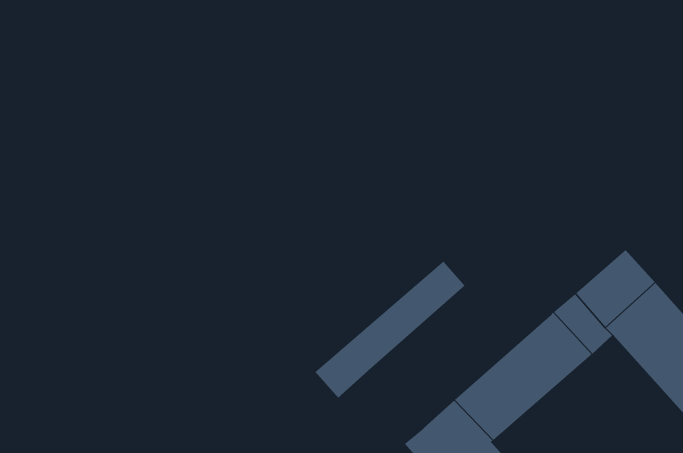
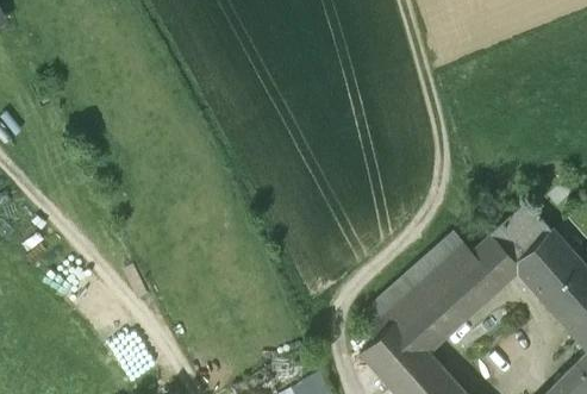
building: [315,260,465,399] -> [356,237,470,342]

